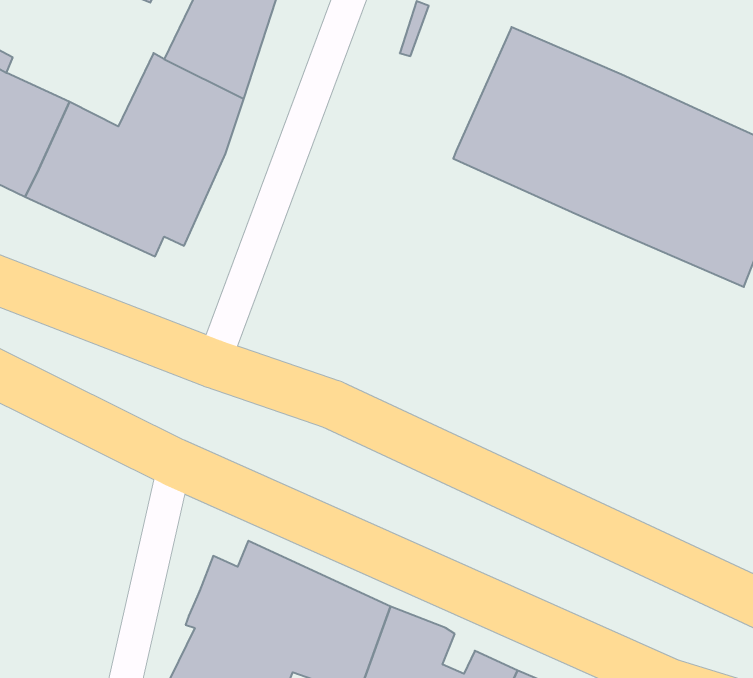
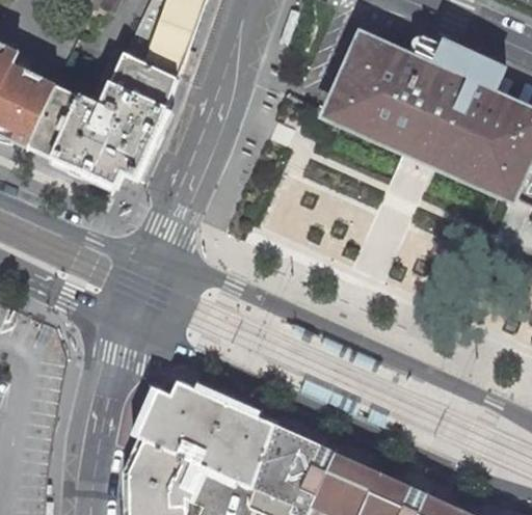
building: none -> [432,36,510,91]

